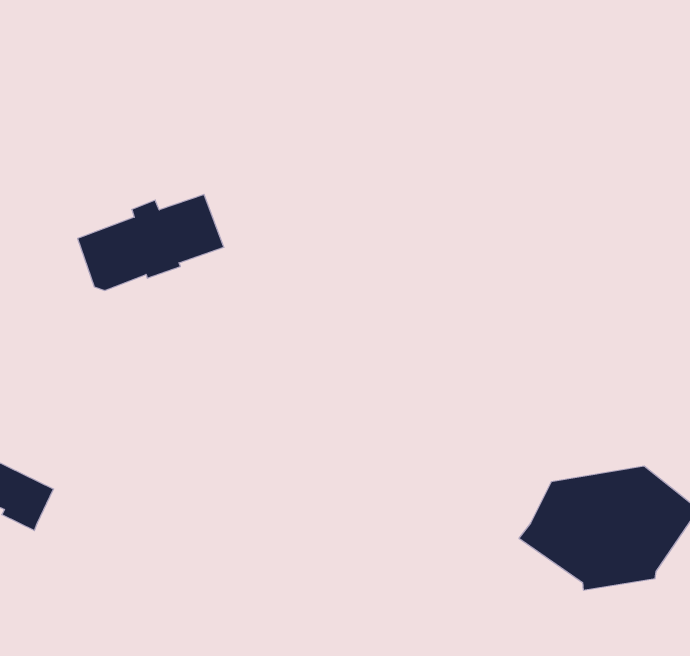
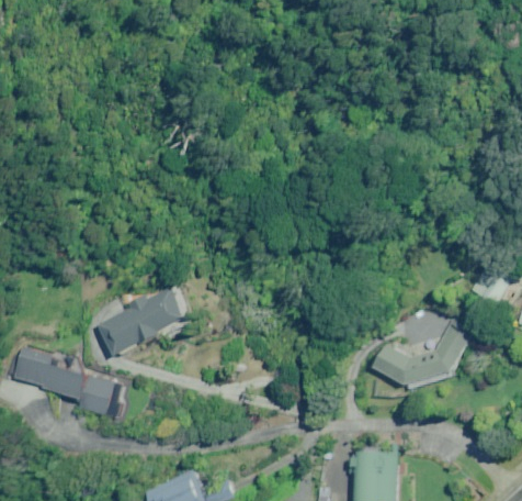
building: [78,194,224,290] -> [99,288,186,354]
building: none -> [89,379,122,416]

